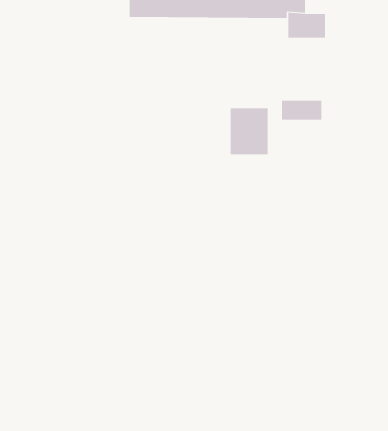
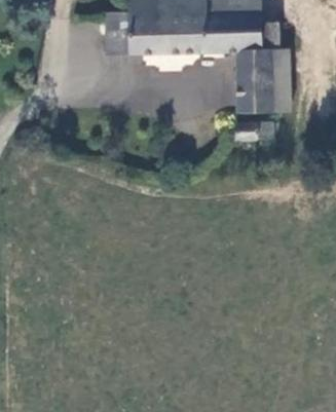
building: [230,108,268,155] -> [244,71,275,110]

